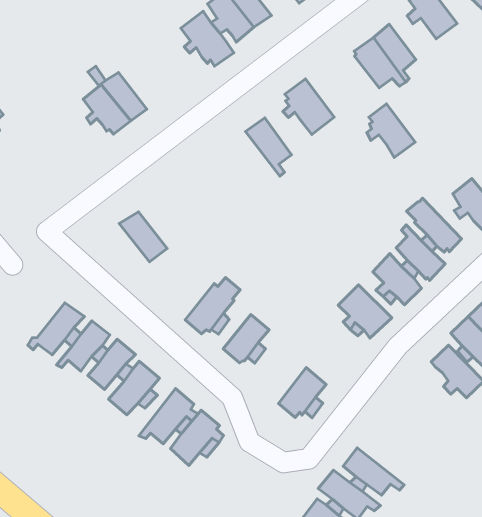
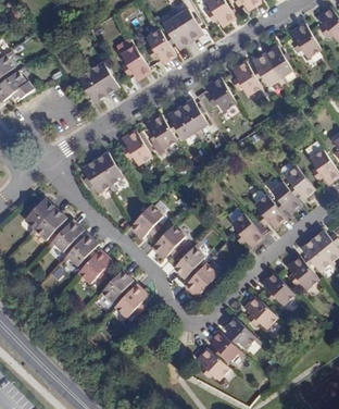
building: none -> [118,44,150,80]
building: [367,104,415,157] -> [230,61,261,96]
building: none -> [168,107,199,140]
building: none -> [145,114,177,154]
building: none -> [120,129,152,165]
building: none -> [81,159,111,193]
building: none -> [22,196,54,227]
building: none -> [174,240,204,273]
building: none -> [261,271,293,306]
building: none -> [242,295,277,329]

